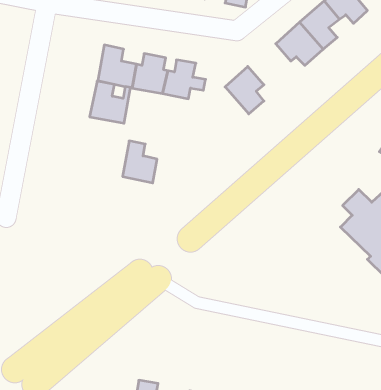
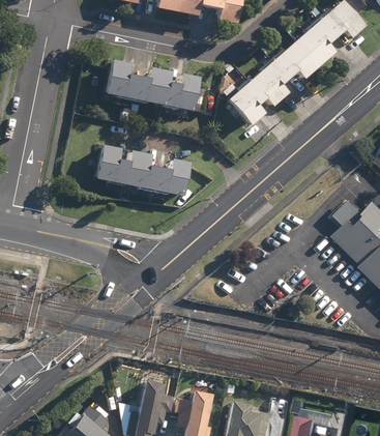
building: none -> [245,60,287,109]
building: [90,81,131,123] -> [92,147,131,187]
building: none -> [154,161,186,199]

